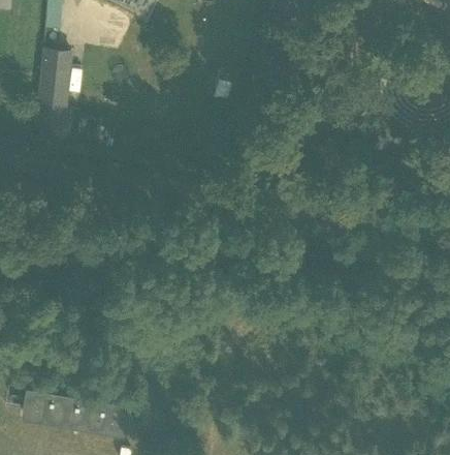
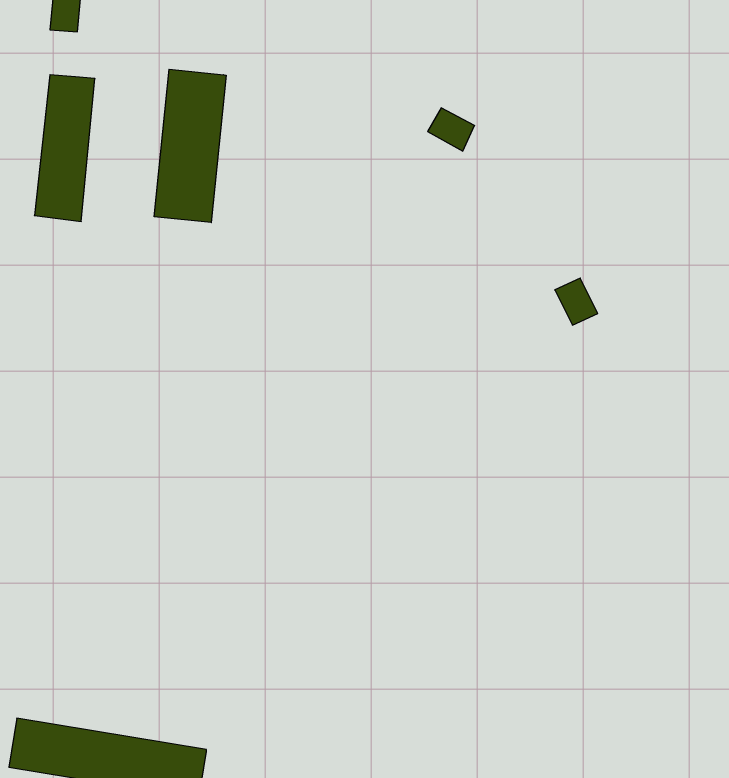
building: none -> [154,69,226,223]

